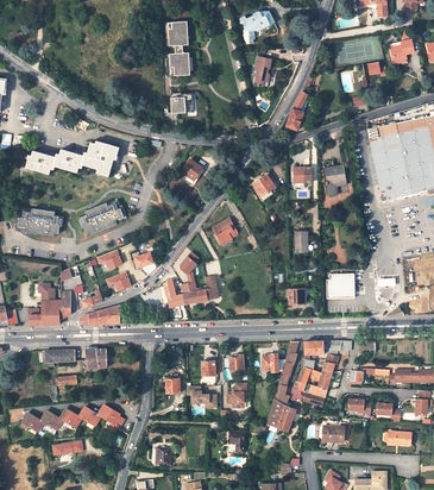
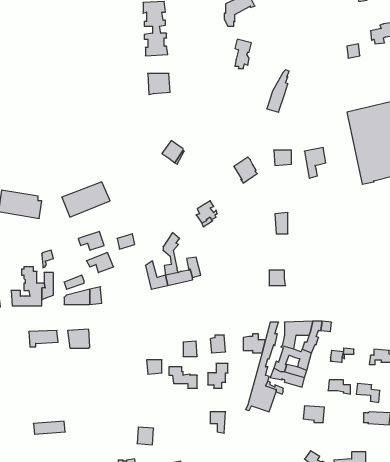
building: [25,142,118,176] -> none
building: [326,274,354,299] -> none
building: [21,404,124,434] -> none

